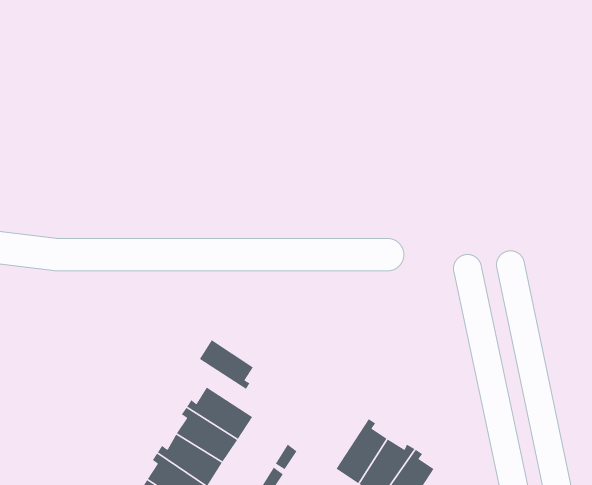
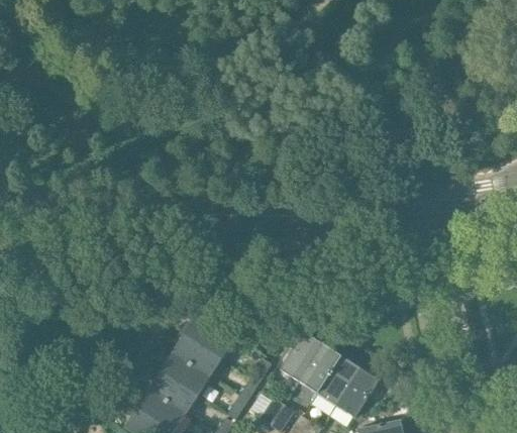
building: [199,339,254,390] -> none
building: none -> [280,334,324,383]

